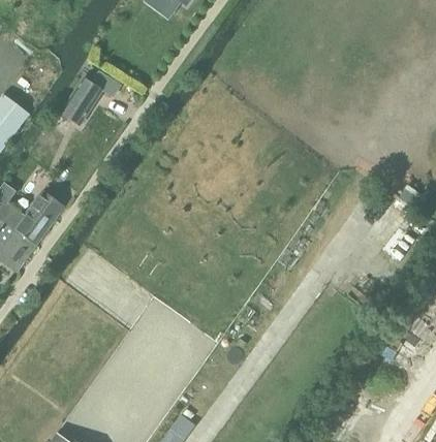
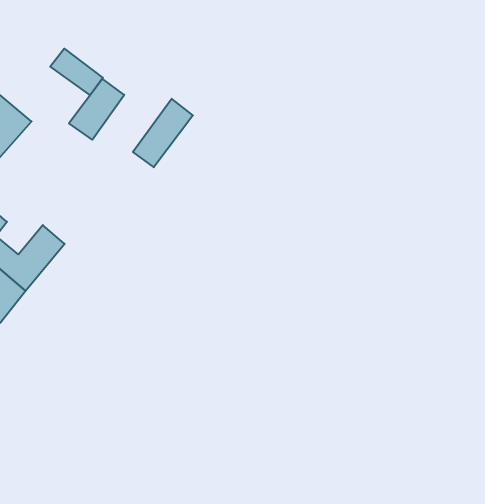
building: none -> [50,49,103,95]
building: none -> [133,99,193,167]

